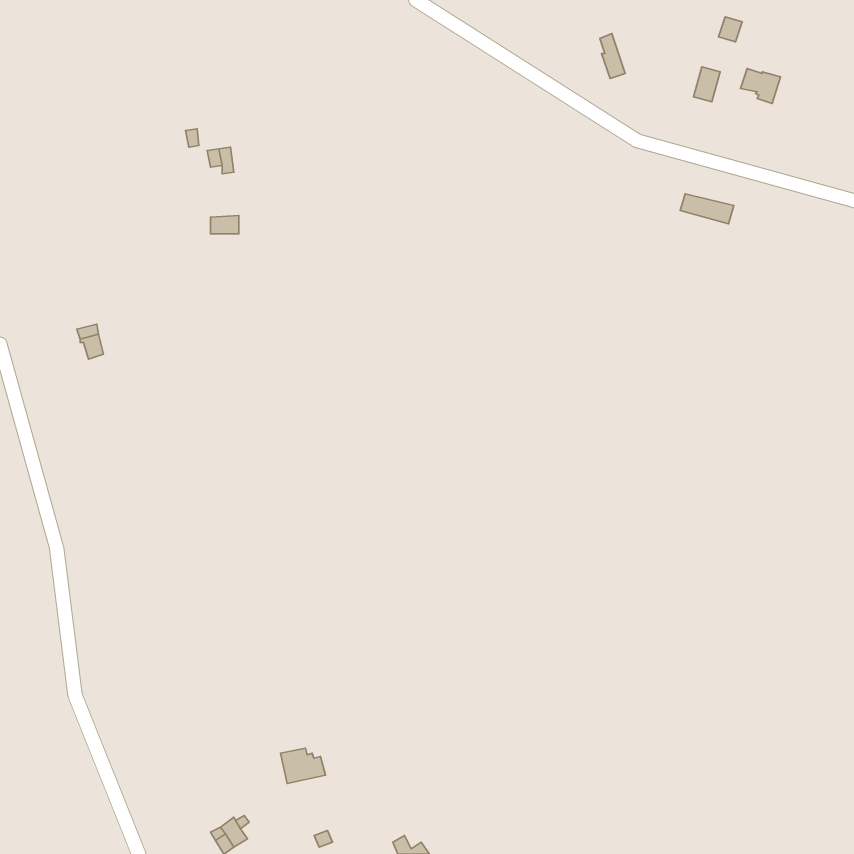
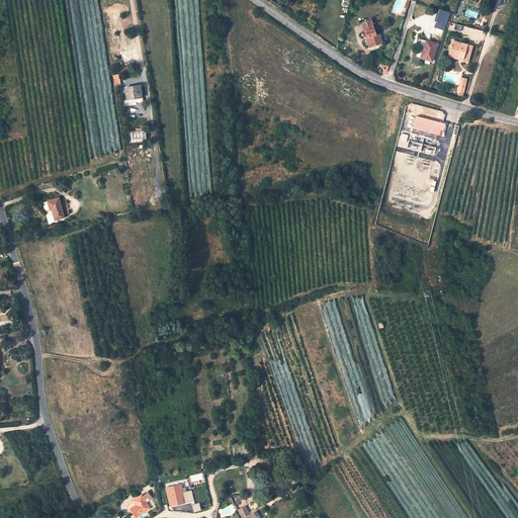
building: [281,748,326,783] -> [166,485,193,506]

